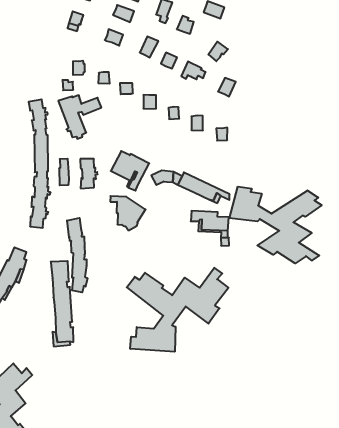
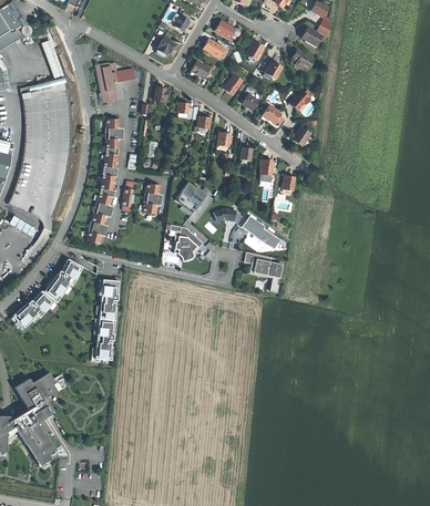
building: [58,95,101,139] -> [95,63,136,105]
building: [230,187,322,263] -> none
building: [67,218,87,292] -> none
building: [127,268,228,352] -> none

